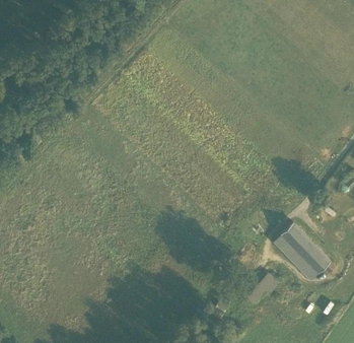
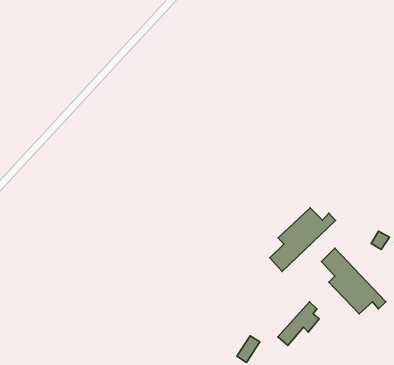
building: none -> [270,208,335,271]

